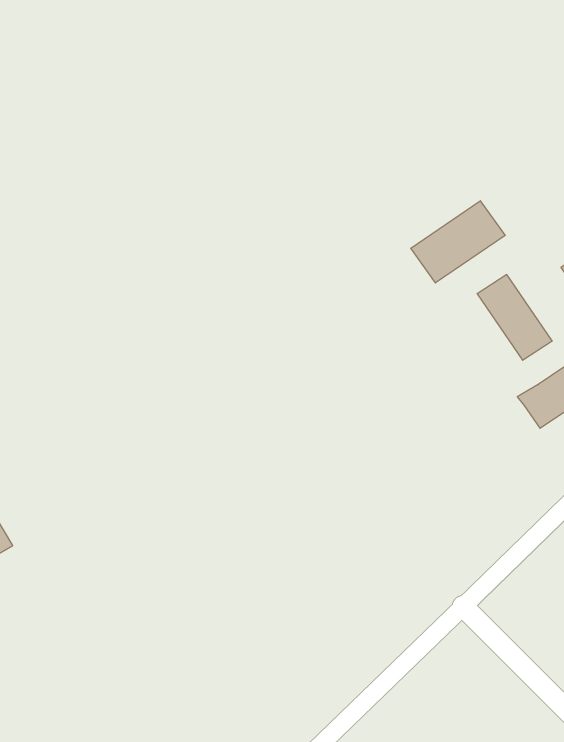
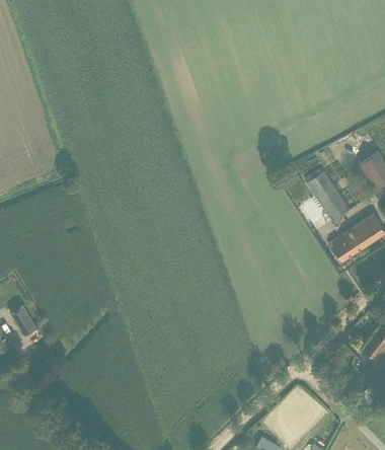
building: [411,201,505,283] -> none

